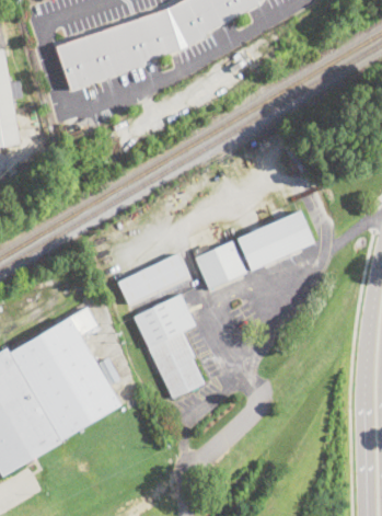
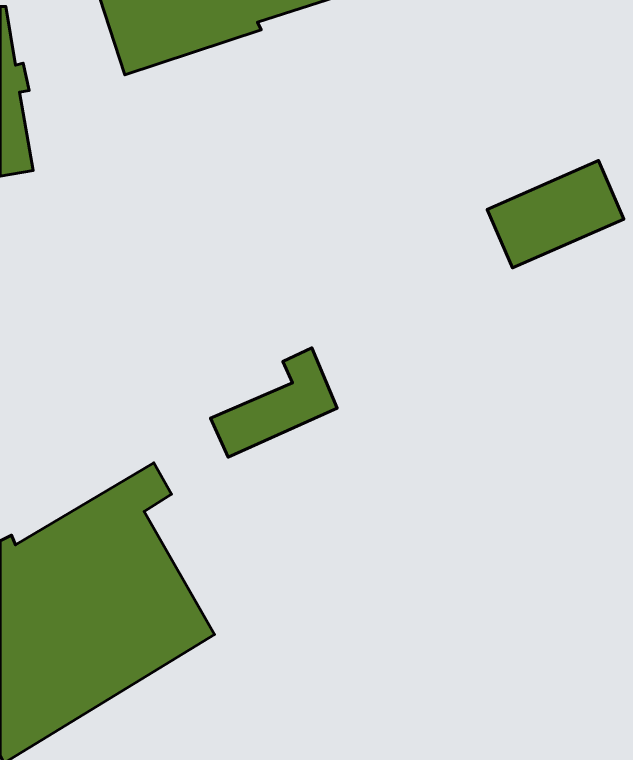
building: [236,210,313,271] -> [487,161,624,268]
building: [190,239,246,288] -> none
building: [132,294,204,398] -> none

